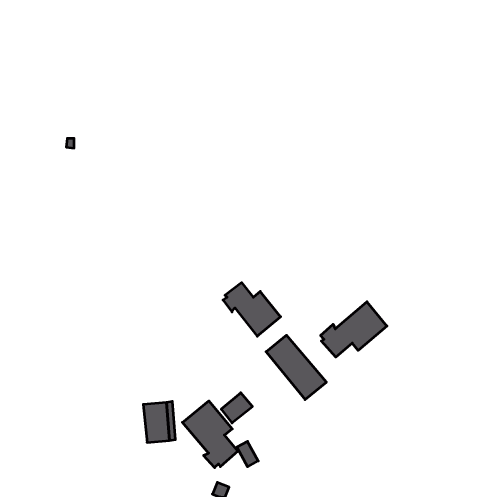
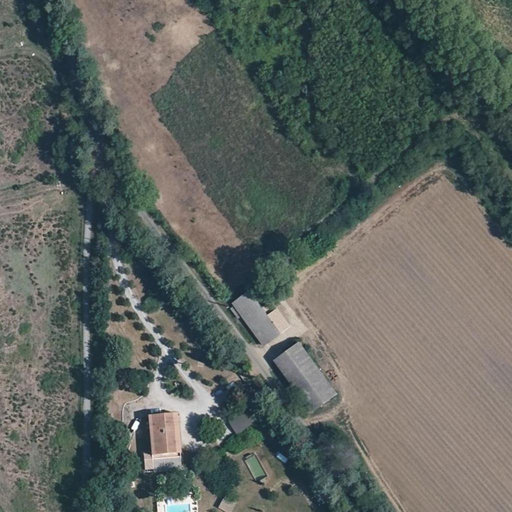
building: [321,302,387,357] -> none
building: [182,401,238,468] -> none

